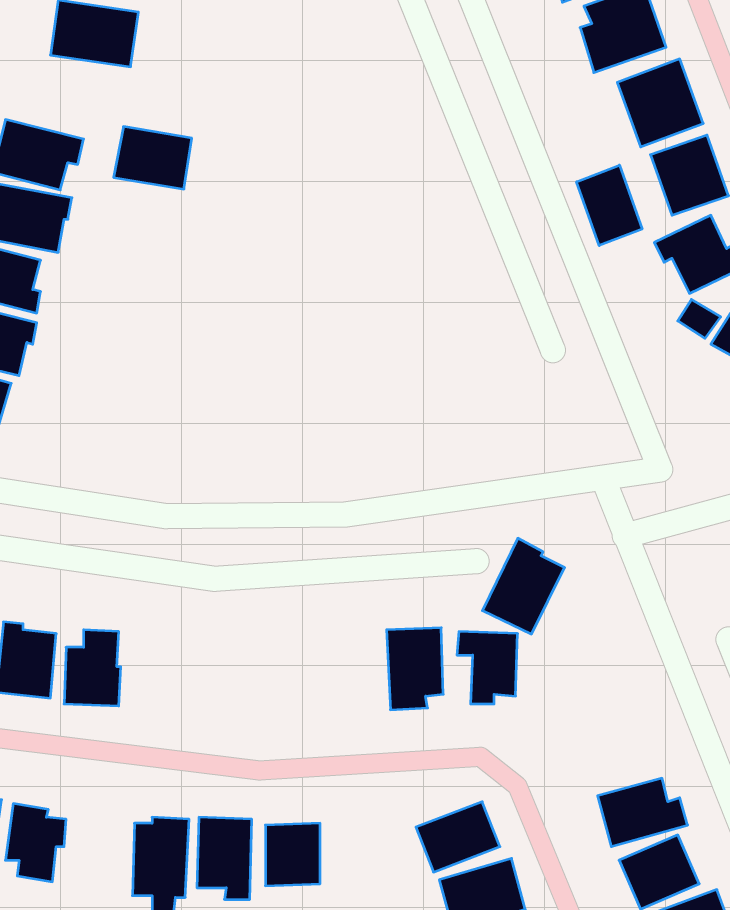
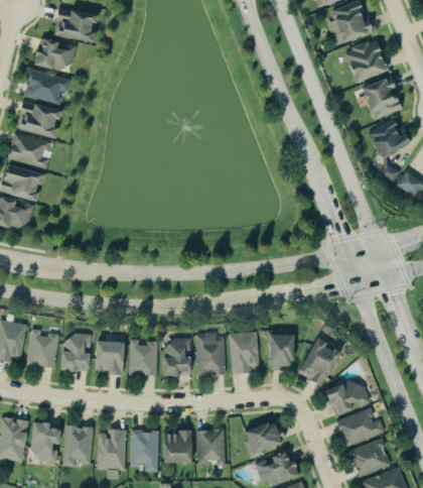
building: [114,127,192,189] -> [34,39,75,72]
building: [577,165,642,246] -> none
building: [482,538,565,634] -> [298,337,340,386]
building: none -> [194,334,224,375]
building: none -> [128,339,156,375]
building: none -> [162,339,189,376]
building: none -> [96,342,125,373]
building: none -> [325,380,370,417]
building: none -> [62,426,92,467]
building: none -> [193,429,221,464]

